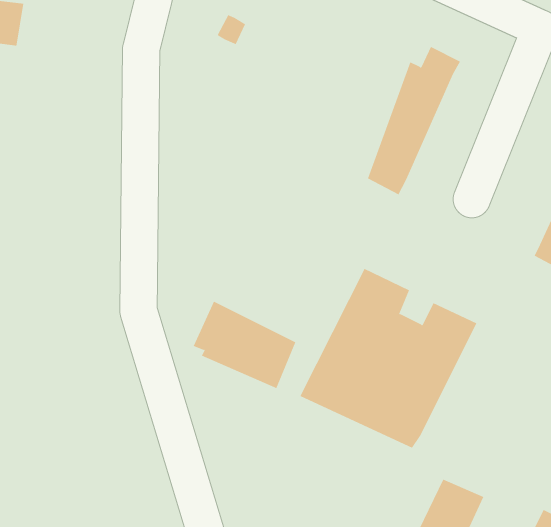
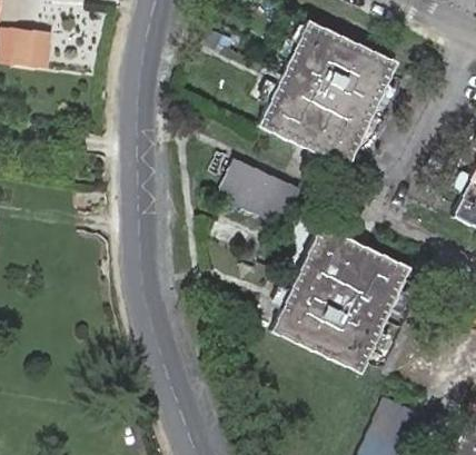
building: none -> [258,19,358,157]
building: [193,301,296,389] -> [217,159,300,230]

